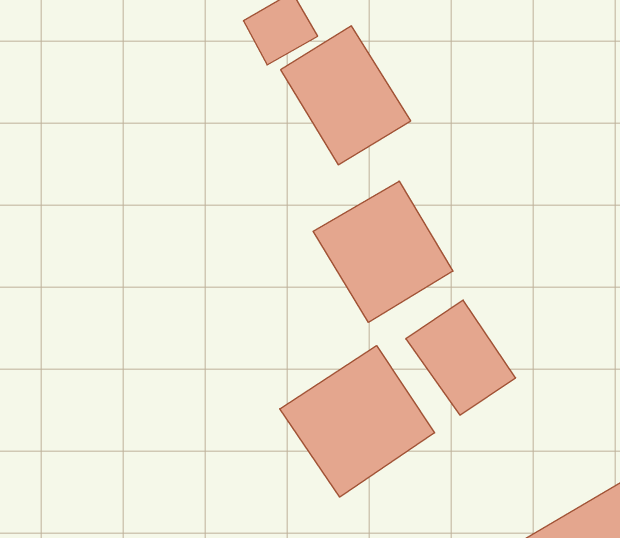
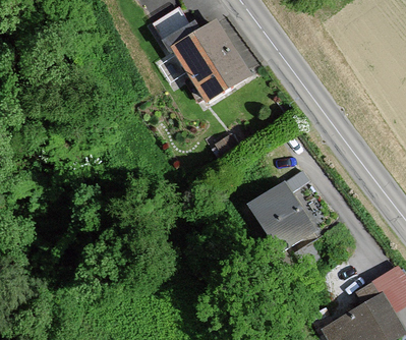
building: [313,181,453,322] -> none
building: [280,346,435,497] -> none

